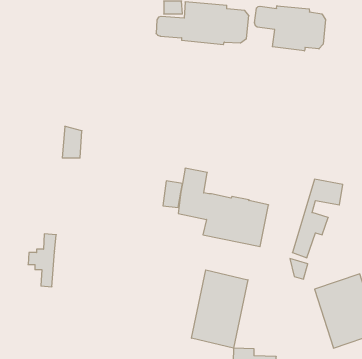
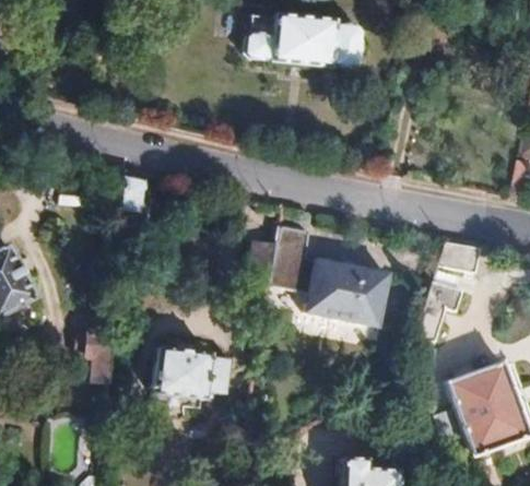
building: [255,6,325,51] -> none
building: none -> [154,346,232,400]
building: [192,270,248,348] -> none

